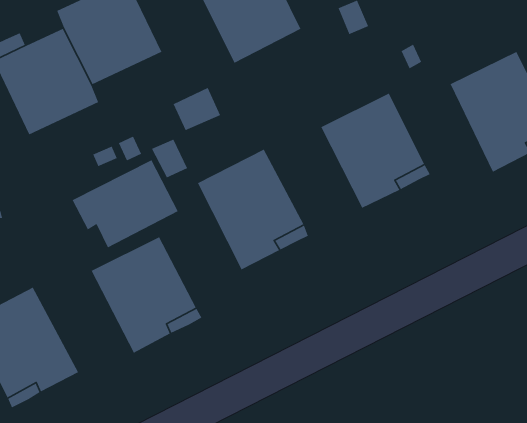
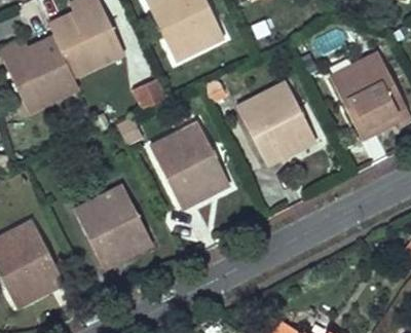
building: [71,159,179,249] -> none

